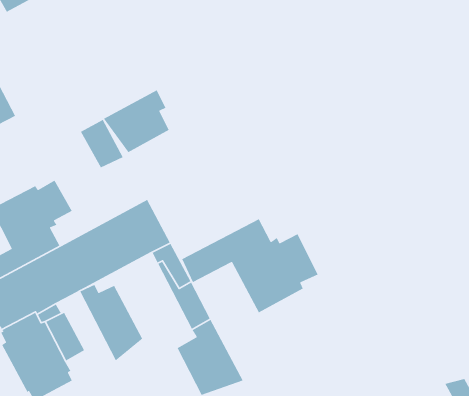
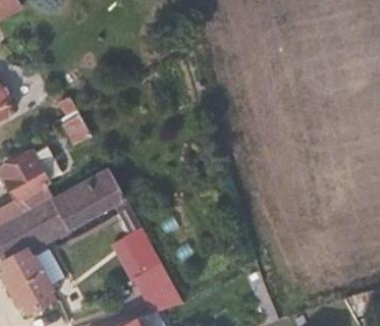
building: [103,89,170,153] -> none
building: [181,218,319,313] -> none
building: [79,284,143,362] -> none

